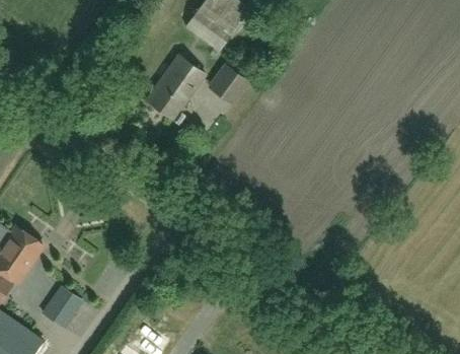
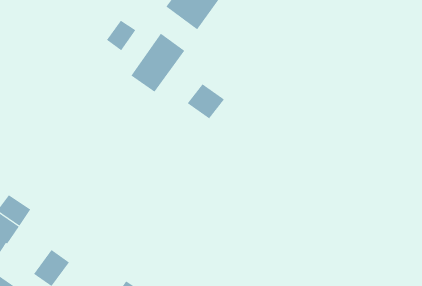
building: none -> [106,20,136,51]
building: [209,65,249,103] -> [187,83,225,119]

